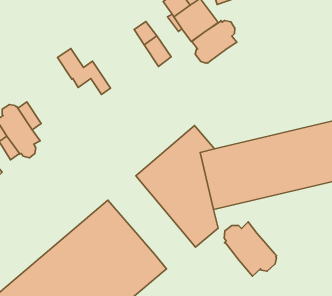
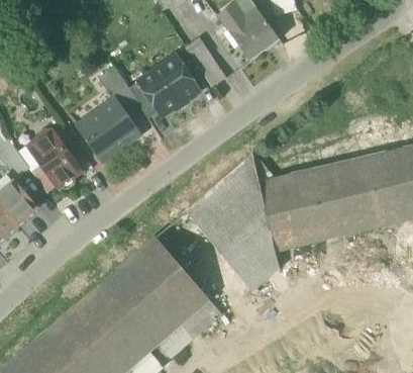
building: [192,21,237,63] -> none
building: none -> [138,57,198,115]
building: none -> [79,101,137,158]
building: [224,222,277,276] -> none

